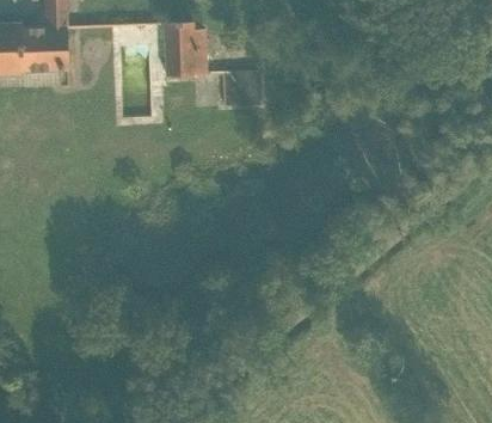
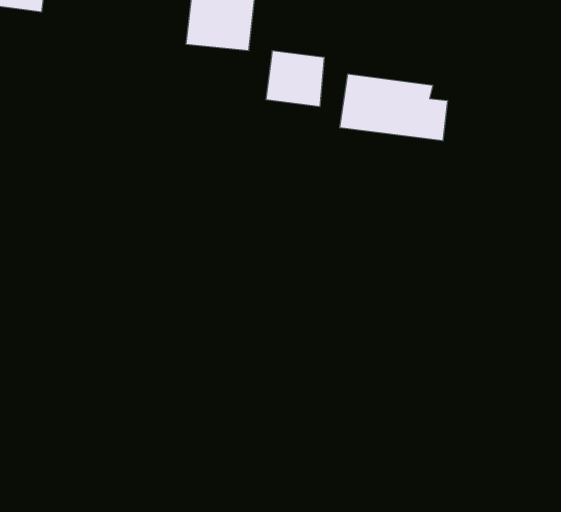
building: none -> [340,74,448,141]

